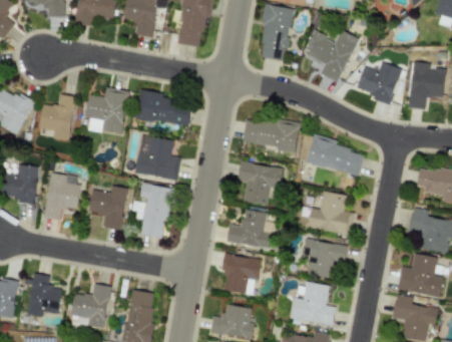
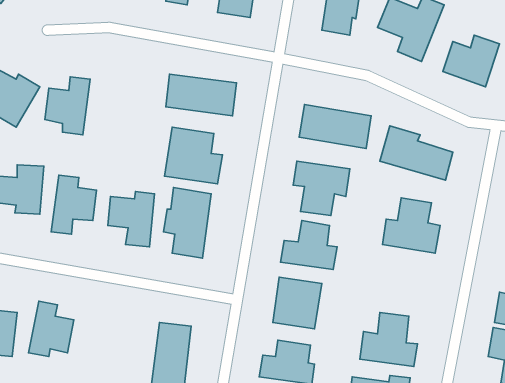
building: [86,87,128,133] -> none
building: [304,239,348,277] -> none
building: [71,284,111,329] -> none

